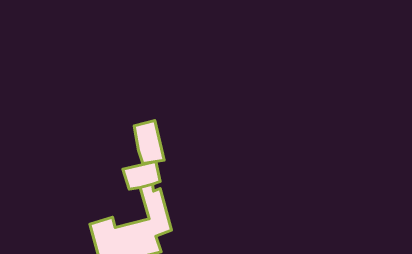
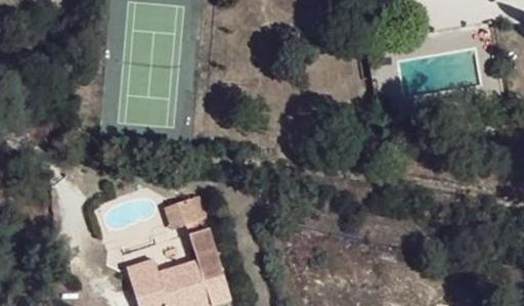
building: [134,120,164,164] -> none

